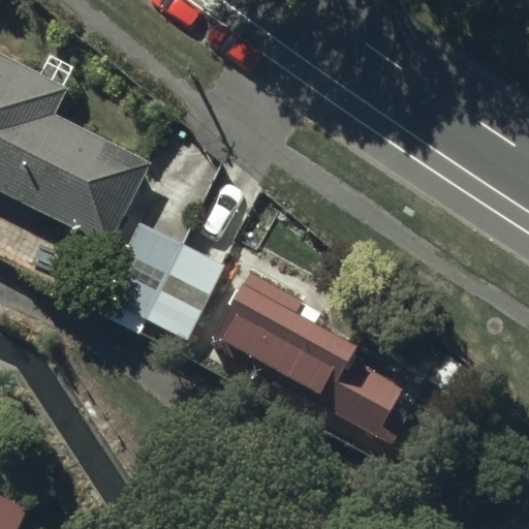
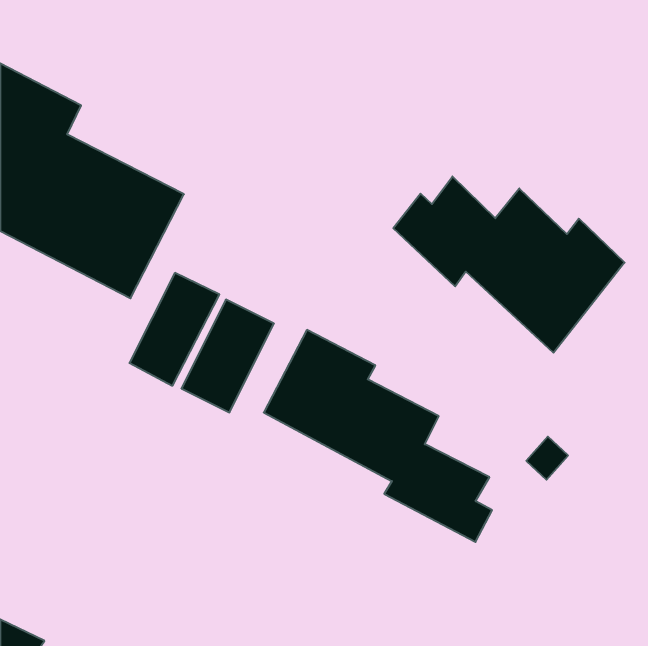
building: none -> [393,176,625,353]

